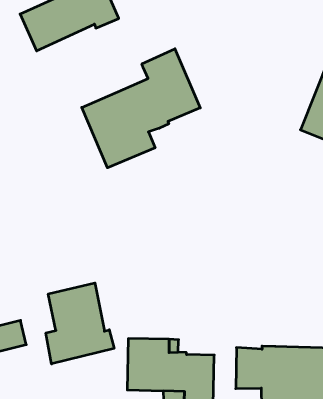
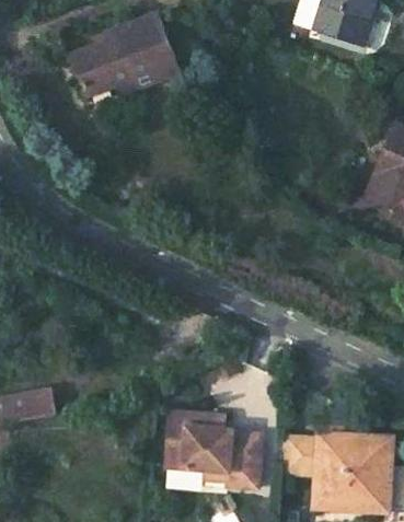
building: [82,49,200,168] -> none
building: [46,283,114,364] -> none

